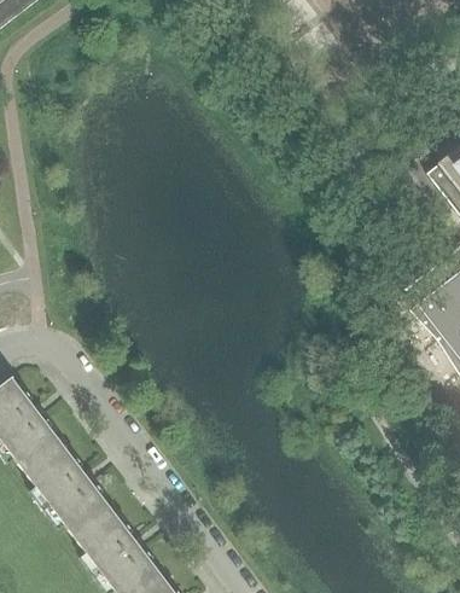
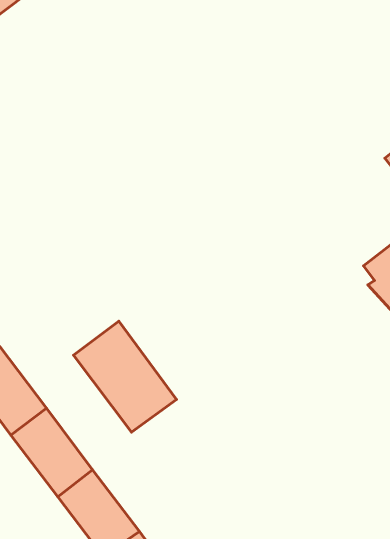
building: none -> [73,321,176,432]

